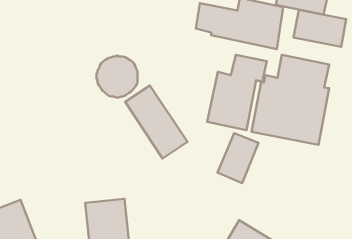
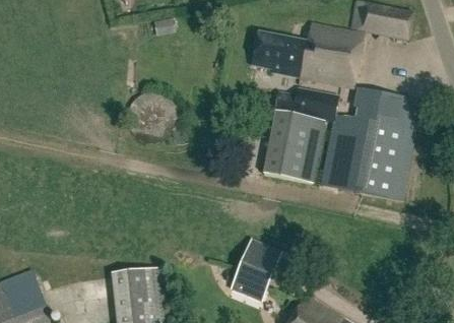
building: [293,10,346,47] -> none
building: [125,86,187,158] -> none
building: [218,133,259,183] -> [231,240,281,302]

